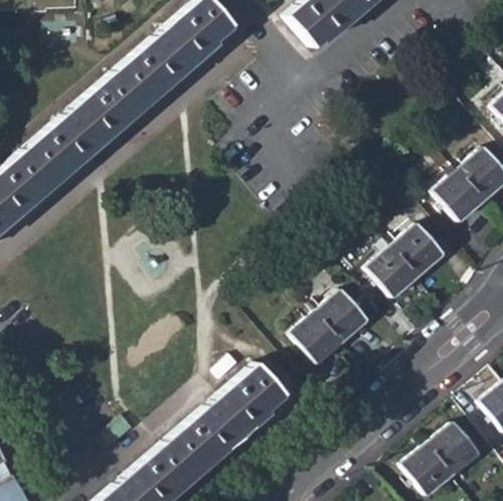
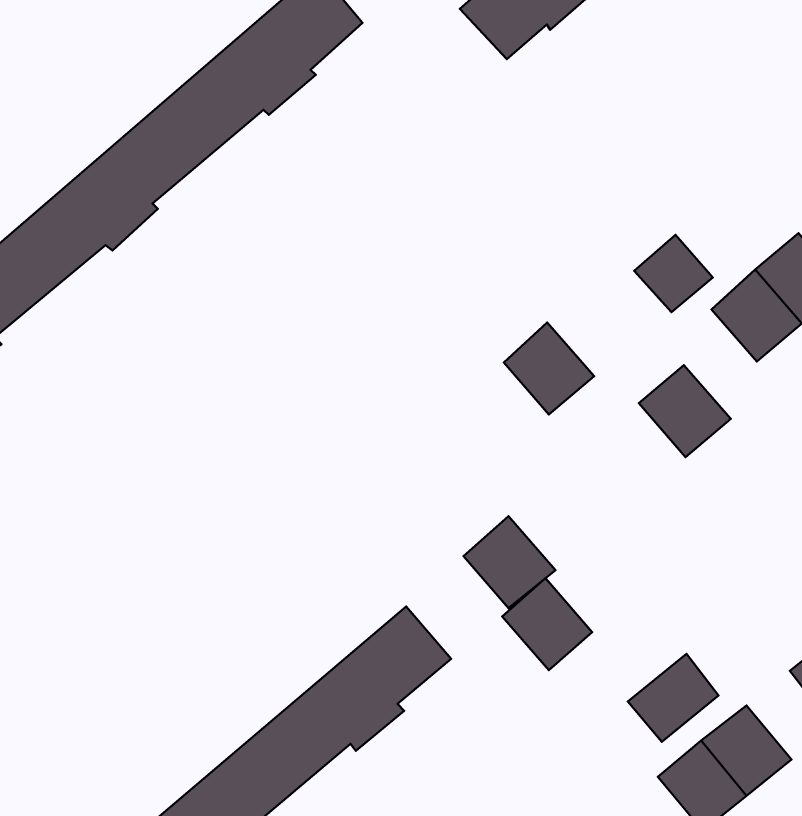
building: none -> [634,235,713,312]
building: [367,245,420,299] -> [504,322,594,415]
building: [317,289,369,342] -> [502,578,592,670]
building: none -> [628,654,718,742]

